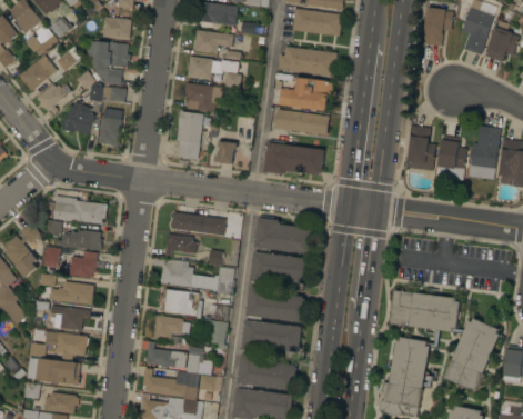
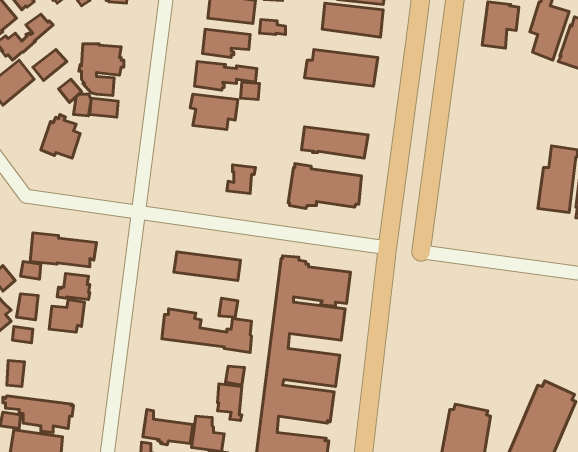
building: [102,17,131,39] -> none
building: [279,77,334,111] -> none
building: [37,84,71,114] -> none
building: [177,110,210,160] -> none
building: [99,112,122,146] -> none
building: [408,126,436,171] -> none
building: [437,137,467,180] -> none
building: [164,235,195,258] -> none
building: [49,281,94,306] -> none
building: [159,289,202,316] -> none
building: [391,290,461,332] -> none
building: [60,307,90,331] -> none
building: [152,316,183,340] -> none

